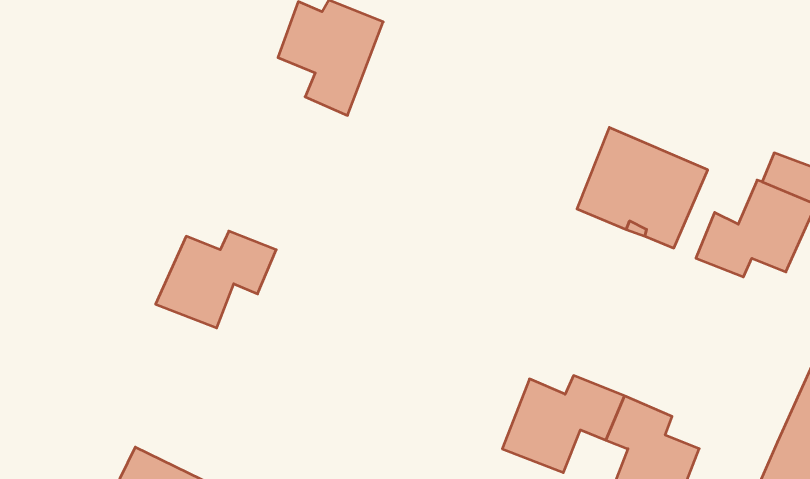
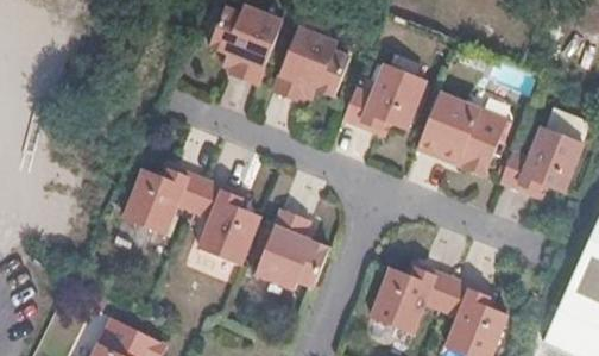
building: none -> [272,25,348,101]
building: none -> [342,63,427,132]
building: none -> [194,177,263,262]
building: none -> [257,207,333,288]

